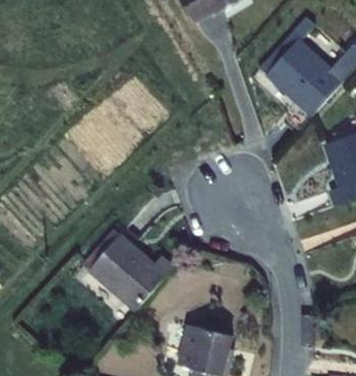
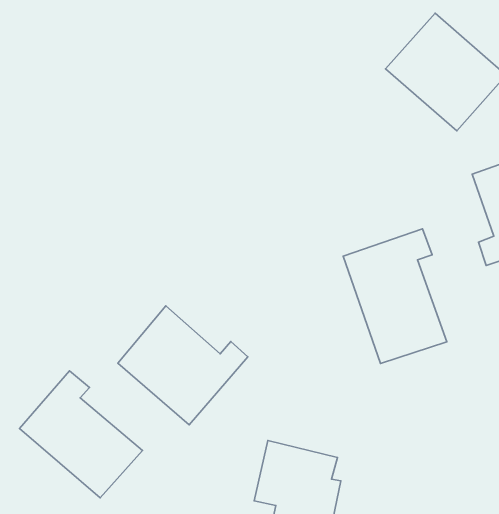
building: none -> [343,229,447,363]
building: none -> [20,371,142,498]

